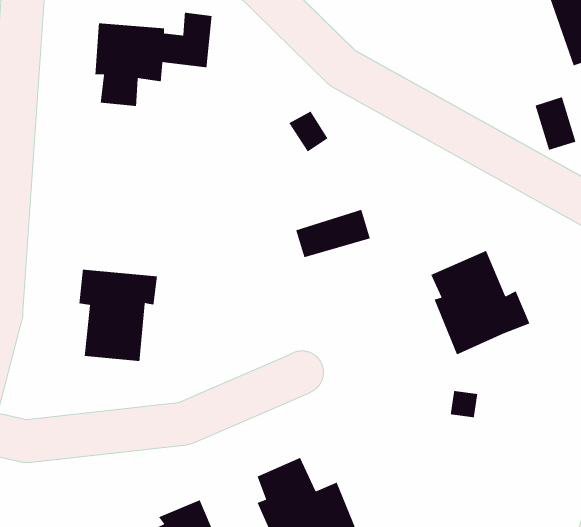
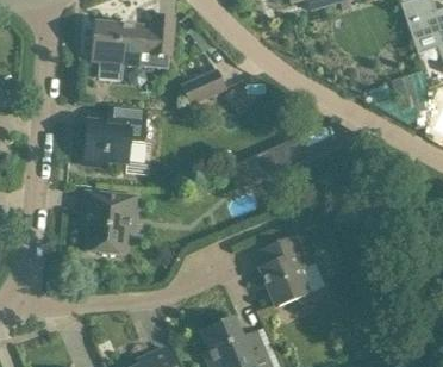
building: none -> [183,69,227,102]
building: none -> [85,104,146,163]
building: [430,250,530,355] -> [258,234,326,305]

